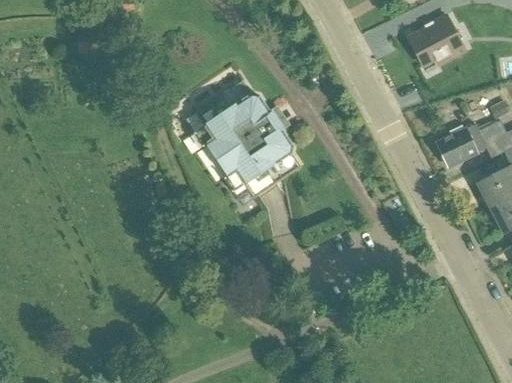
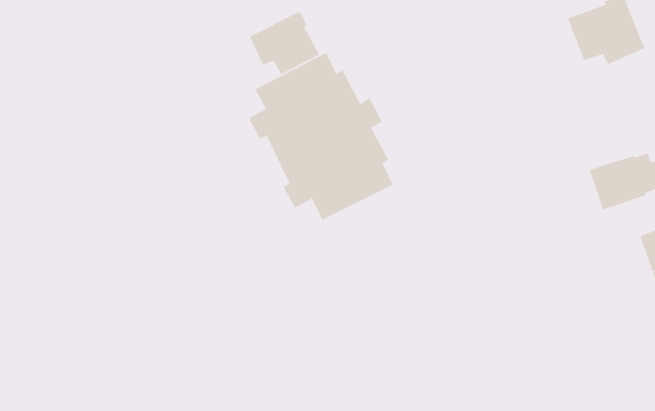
building: none -> [249,11,320,75]

